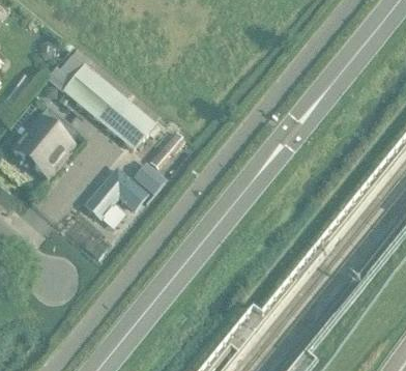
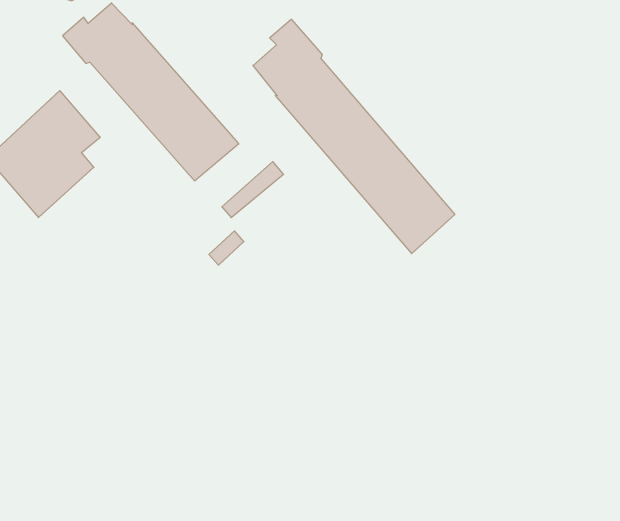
building: none -> [253,19,455,254]
building: [85,168,147,218] -> none

